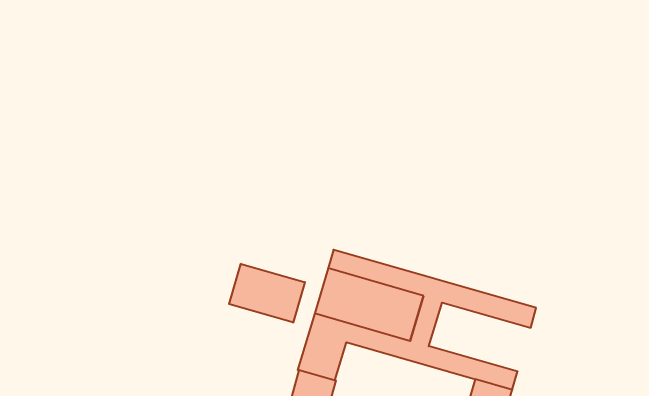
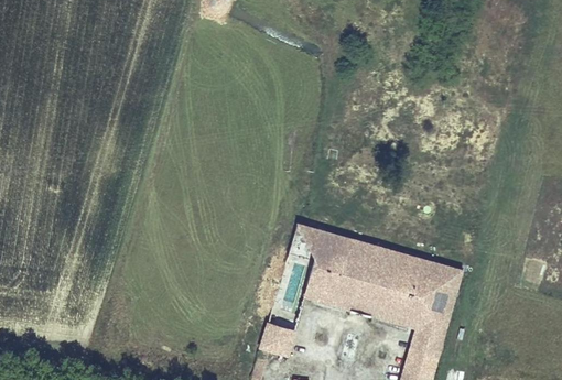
building: [229,264,305,323] -> none
building: none -> [375,267,460,324]

